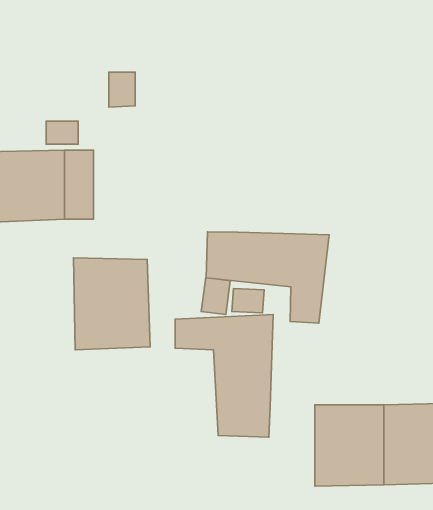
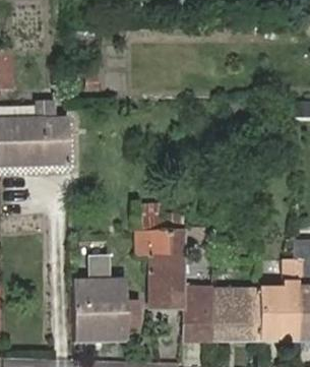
building: [206,232,329,323] -> none
building: [74,258,150,350] -> [73,280,124,341]
building: none -> [183,288,214,342]

